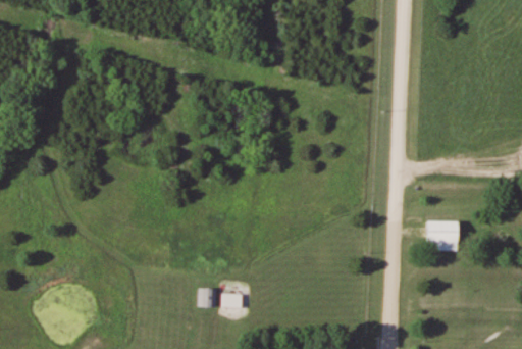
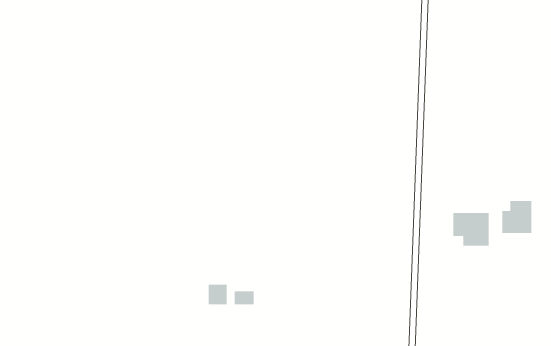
building: none -> [502,200,532,234]

